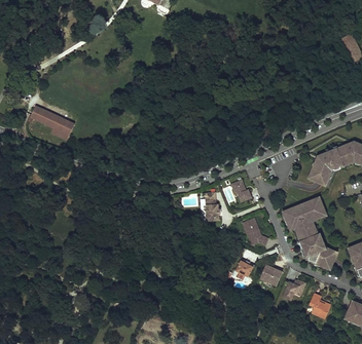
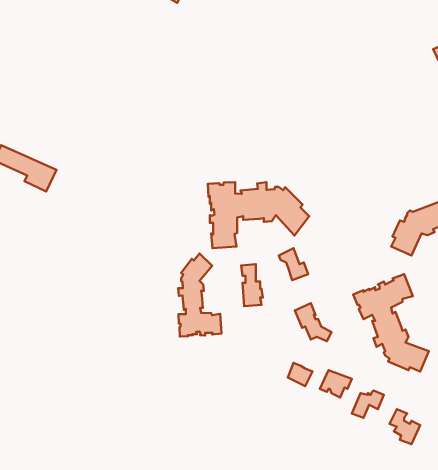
building: none -> [208,182,309,248]
building: none -> [178,254,221,337]

